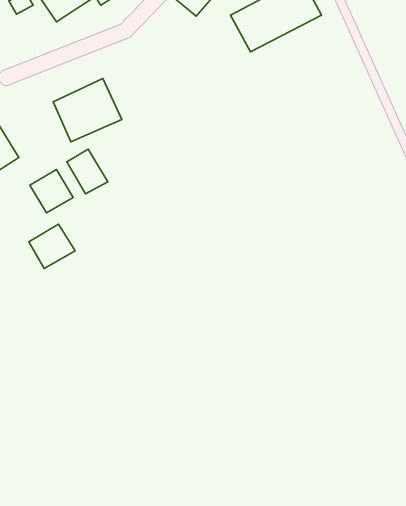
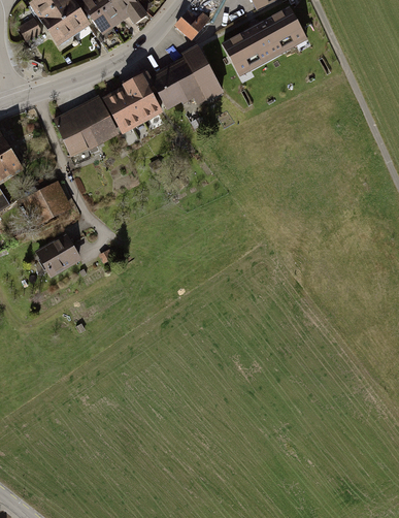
building: none -> [154,43,225,109]
building: none -> [110,76,165,133]
building: [67,149,108,194] -> none

